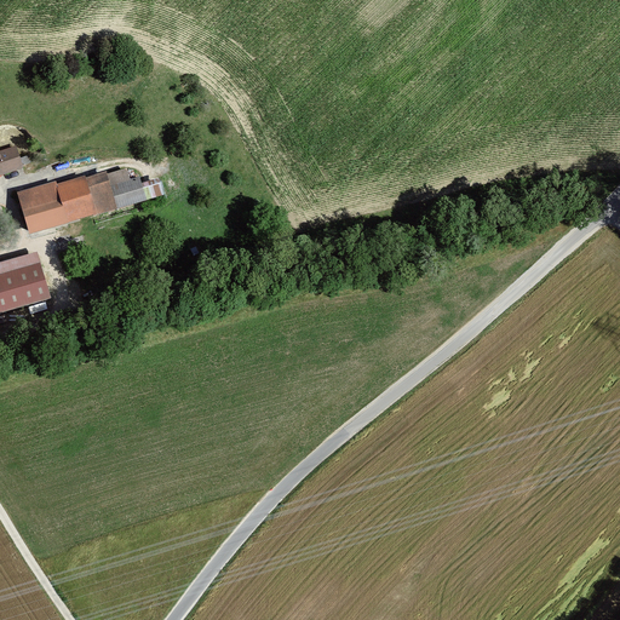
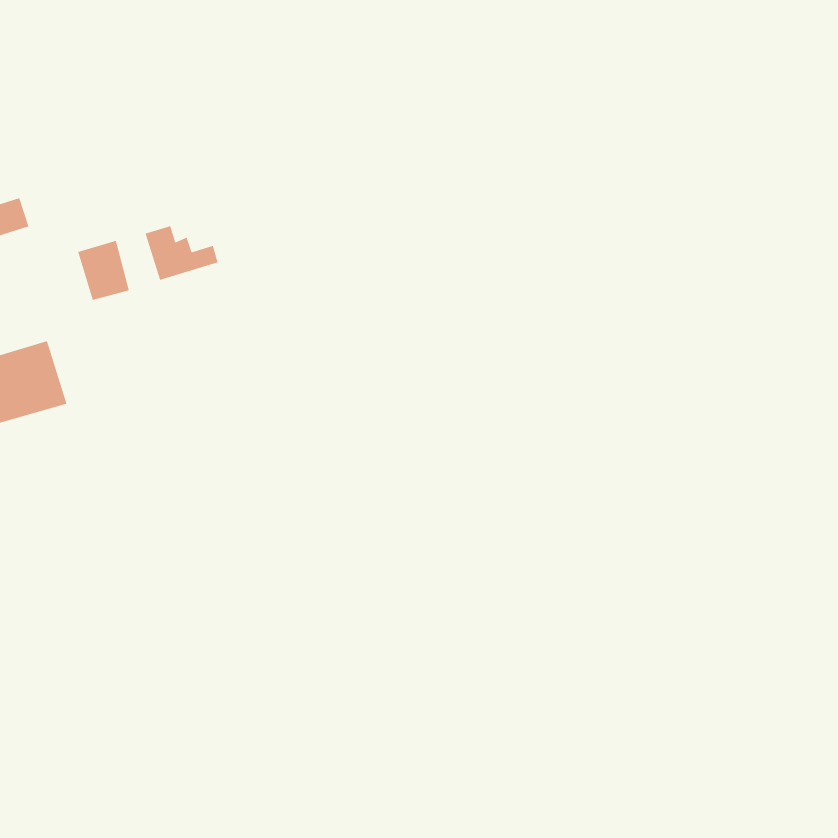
building: [86,172,117,214] -> none
building: [17,182,68,235] -> none

